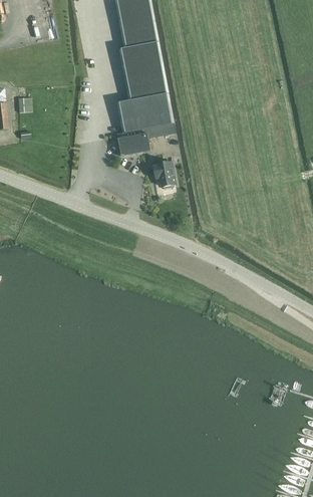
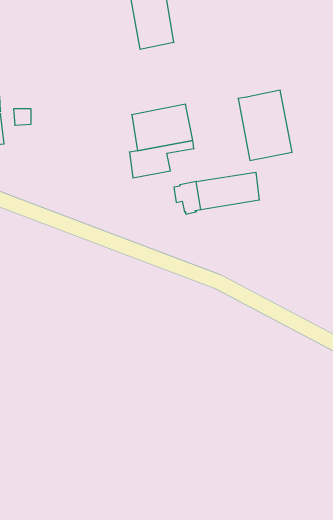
building: [119,39,166,99] -> [238,90,292,160]
building: none -> [196,172,259,210]

